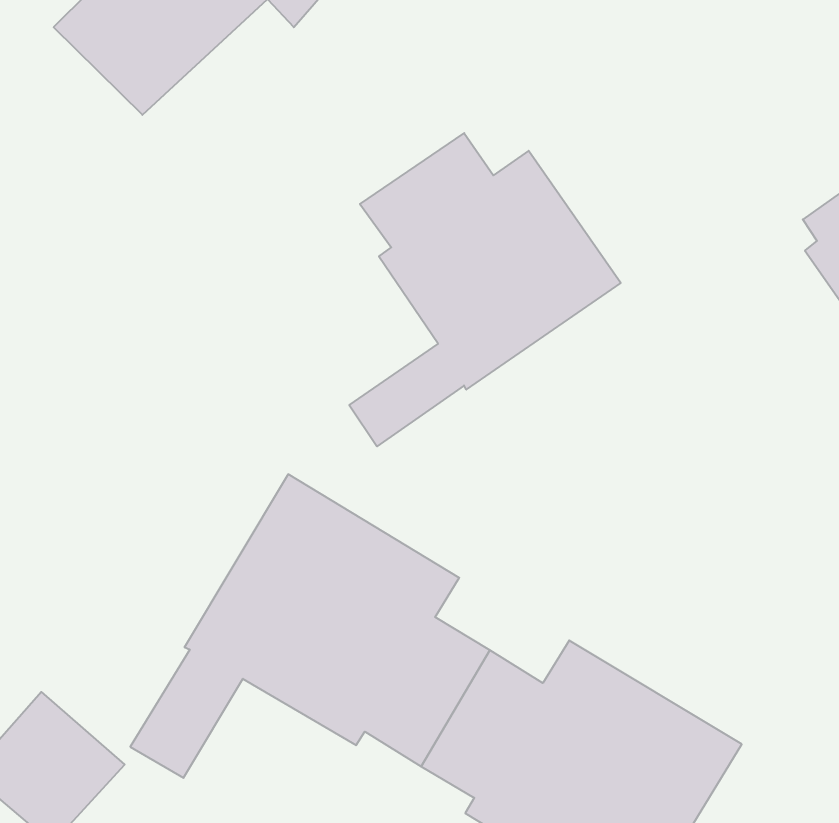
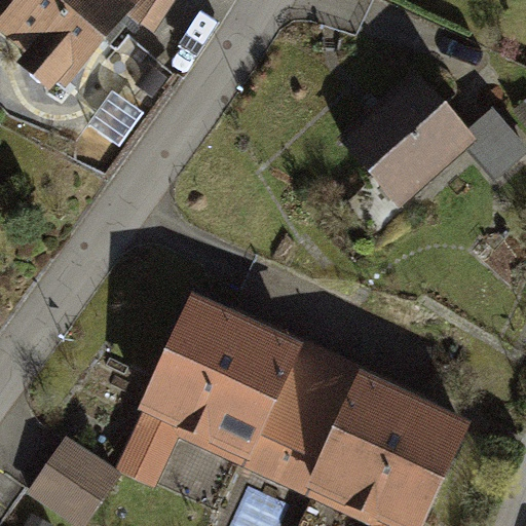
building: none -> [341,72,473,202]
building: [349,133,621,446] -> none

